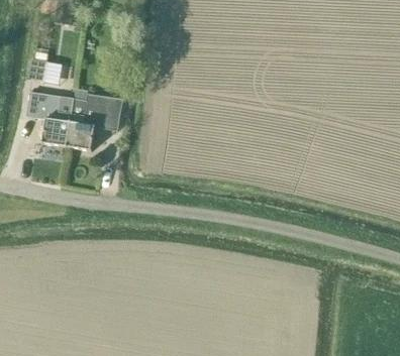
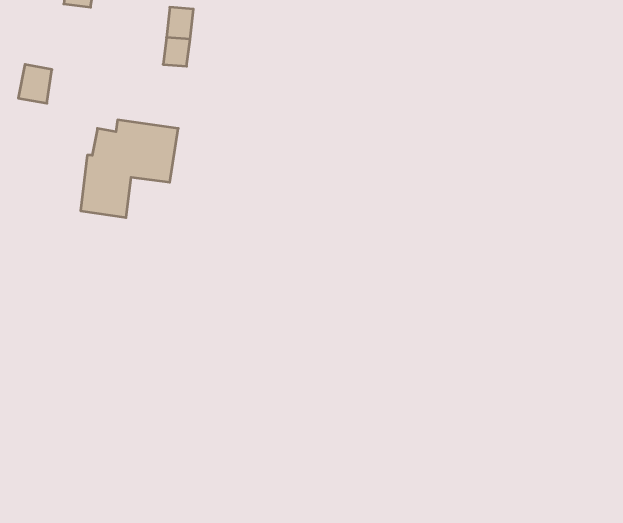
building: [27,92,75,146] -> none

